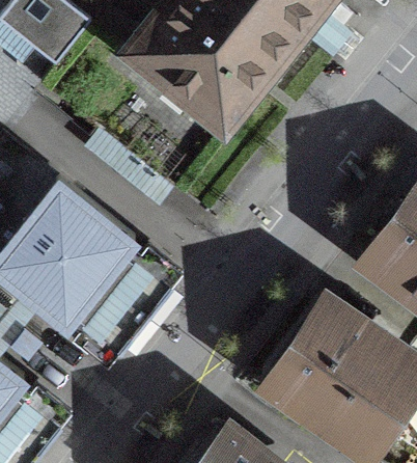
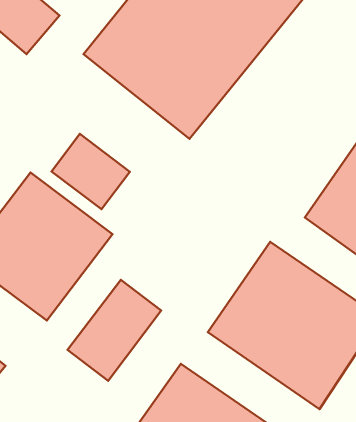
building: none -> [51,134,130,209]
building: none -> [68,280,161,381]

